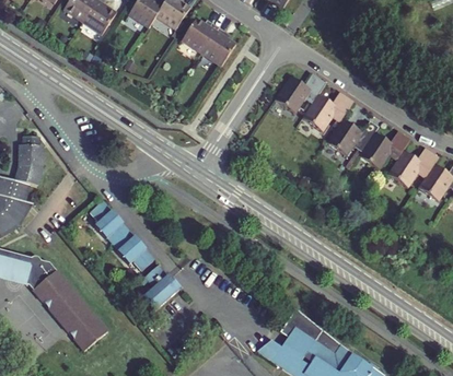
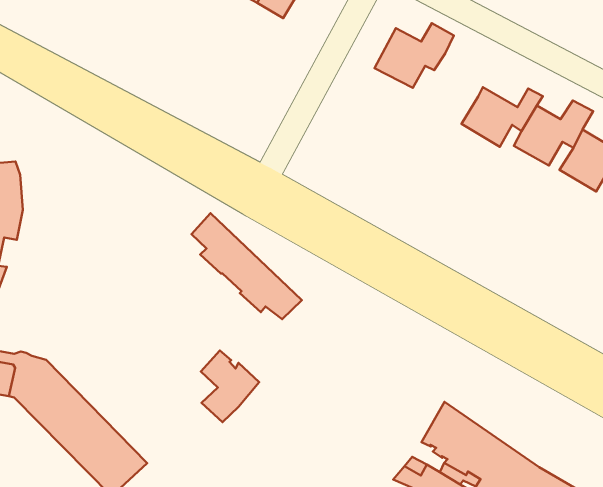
building: [301,92,350,130] -> none
building: [93,201,159,271] -> [191,213,302,319]

